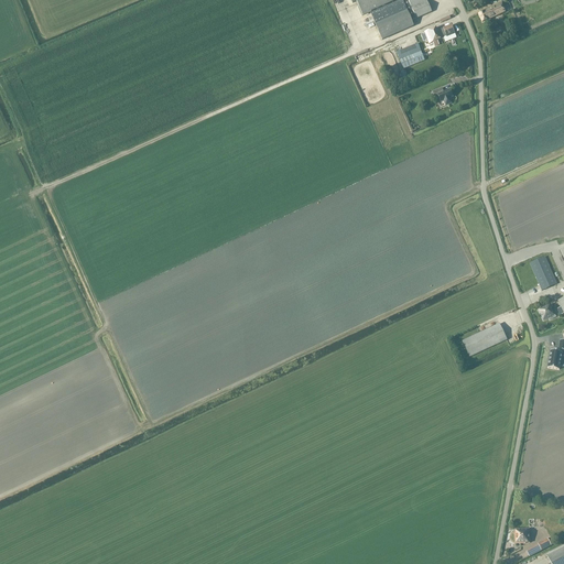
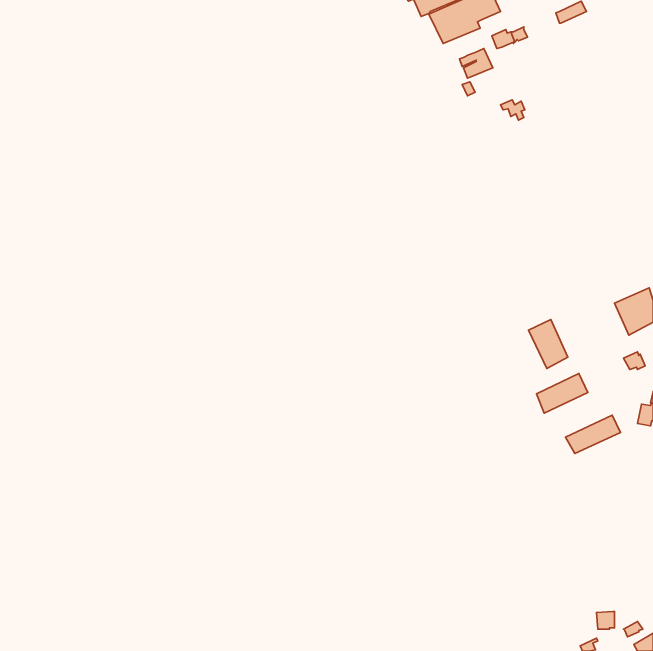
building: none -> [529,319,568,368]
building: none -> [566,415,620,454]

